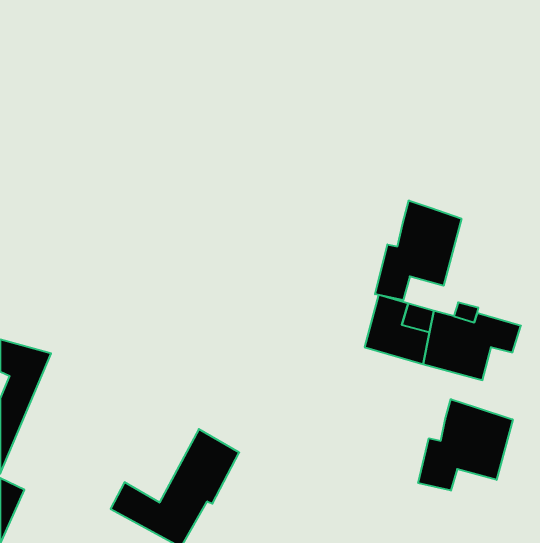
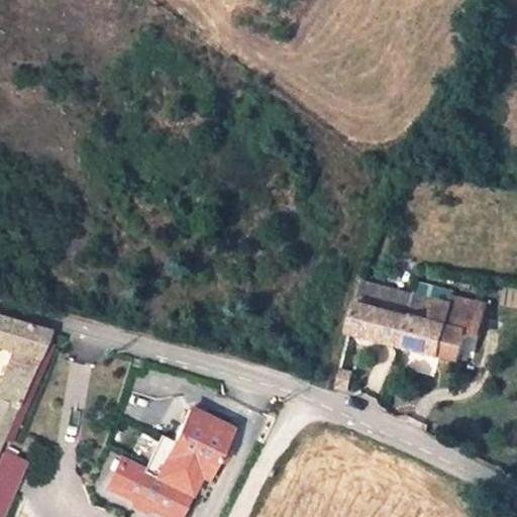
building: [375,200,461,300] -> none
building: [418,399,513,491] -> none

